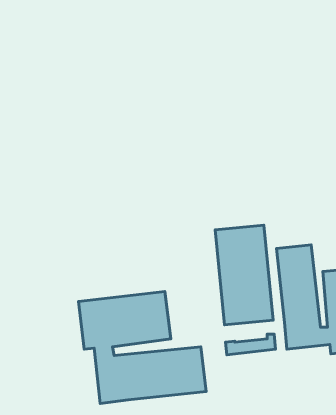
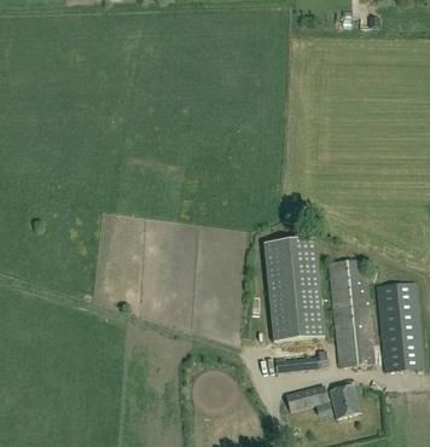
building: [78,291,206,403] -> none
building: none -> [285,384,359,418]

